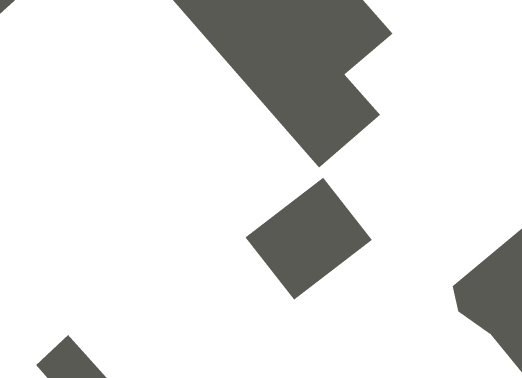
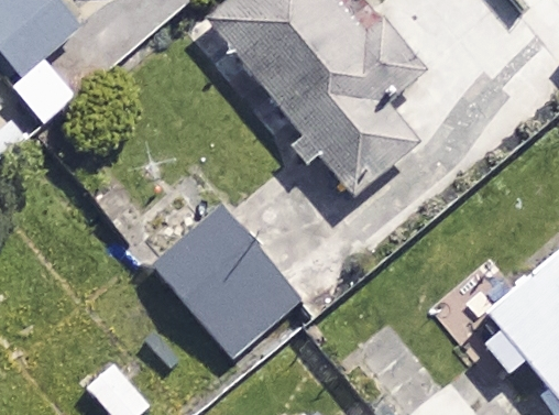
building: [245,177,373,300] -> [175,236,298,354]

